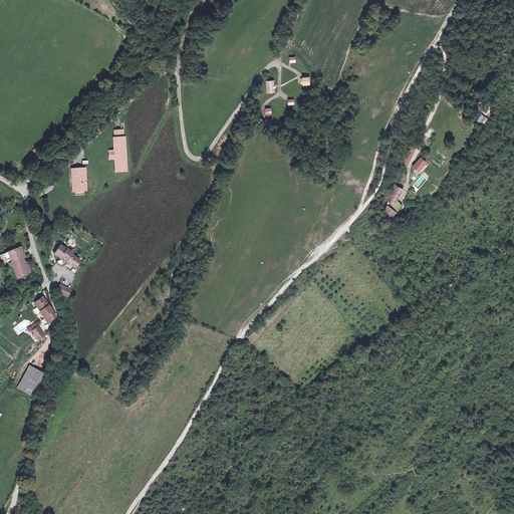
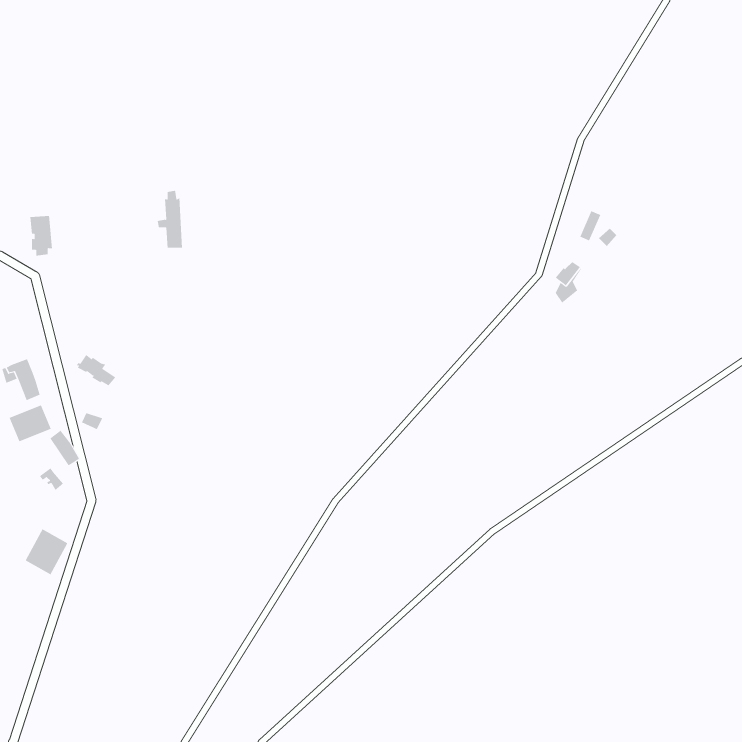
building: [71,168,87,196] -> [30,215,53,256]
building: none -> [9,404,51,442]

